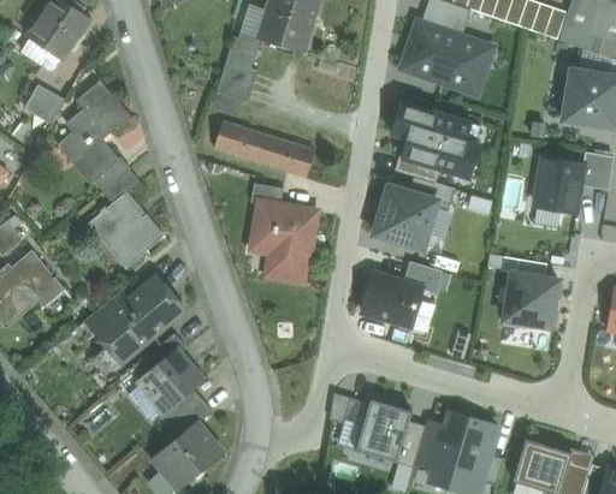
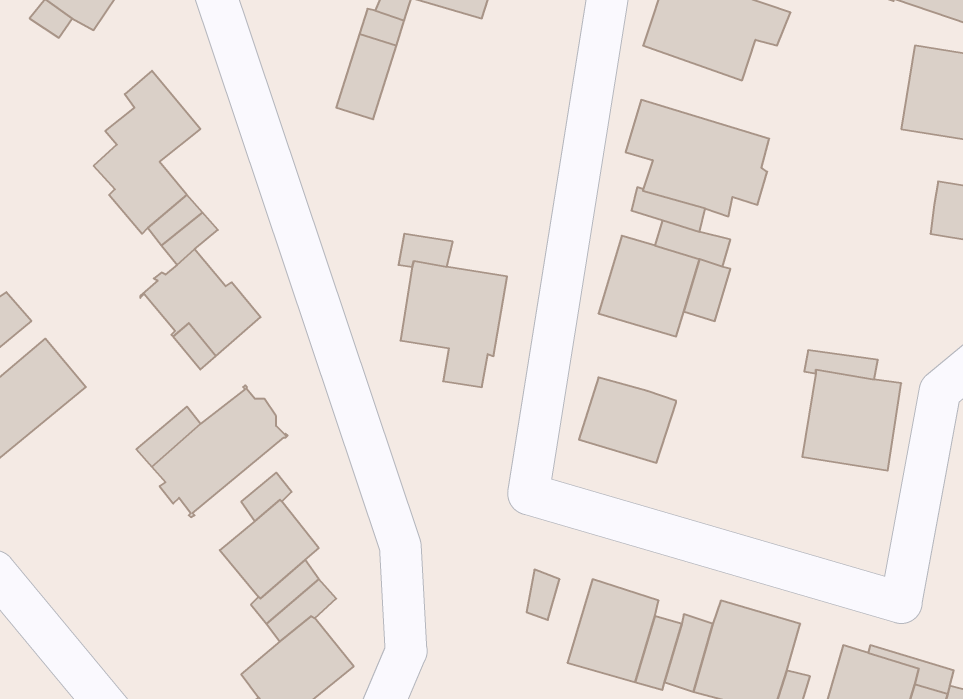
building: [26,85,65,123] -> none
building: [213,123,313,179] -> none
building: [535,160,582,212] -> none
building: [404,262,443,293] -> none

